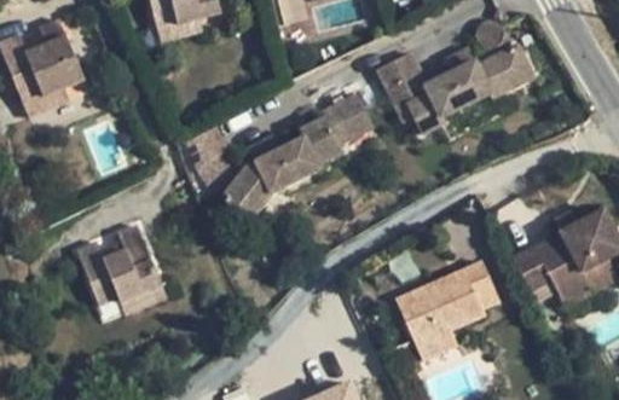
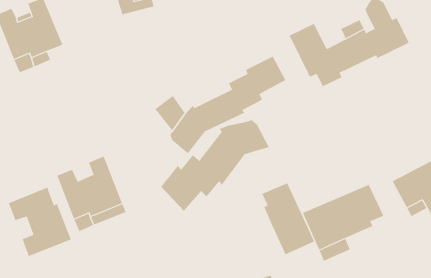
building: none -> [160,119,270,211]
building: none -> [262,182,315,255]
building: none -> [8,187,71,257]

